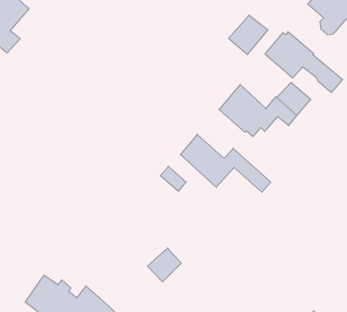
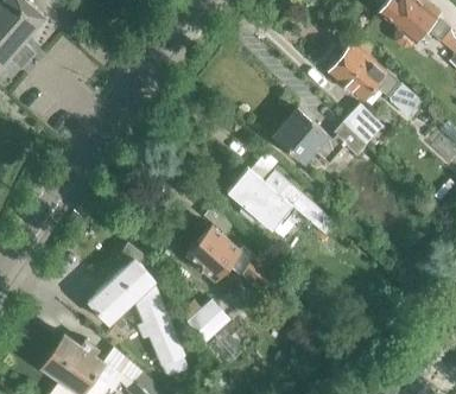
building: [229,15,268,55] -> none
building: none -> [186,227,276,291]
building: none -> [88,243,184,366]

